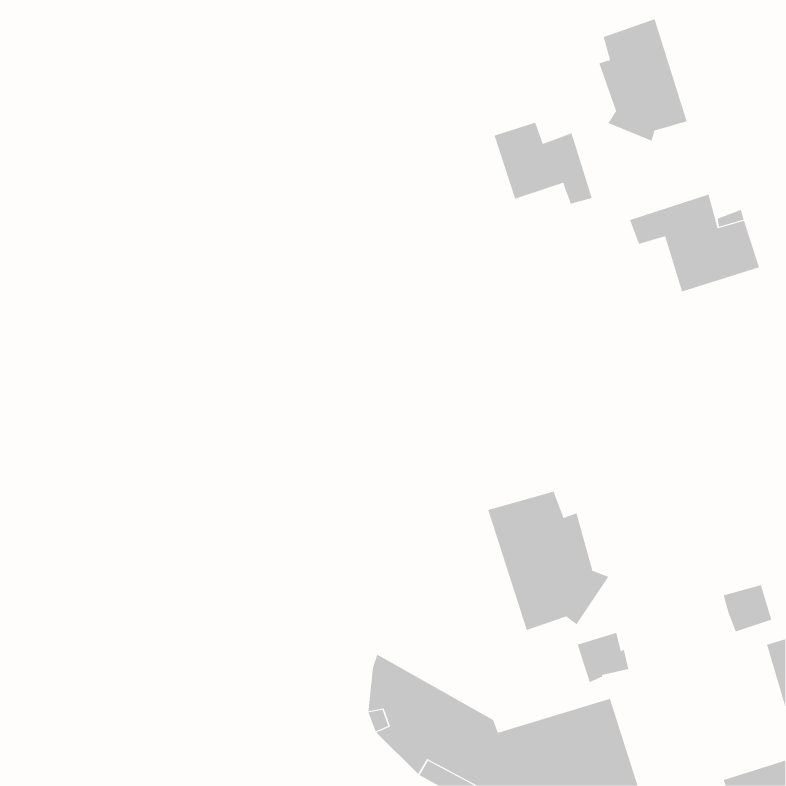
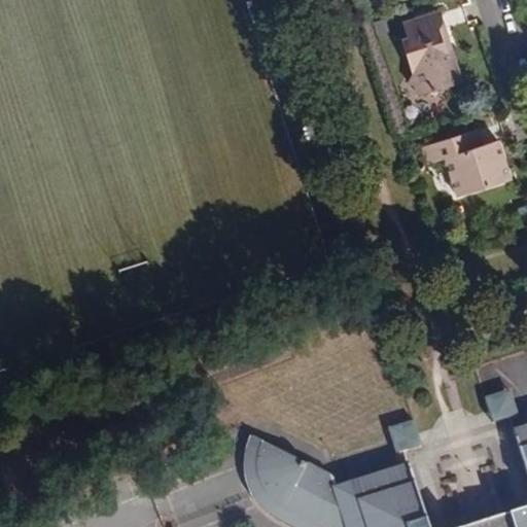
building: [494,122,593,205] -> none
building: [488,491,609,631] -> none

